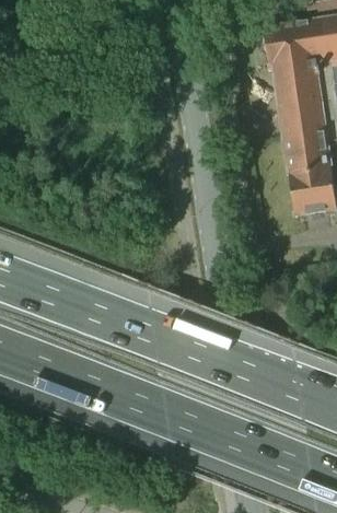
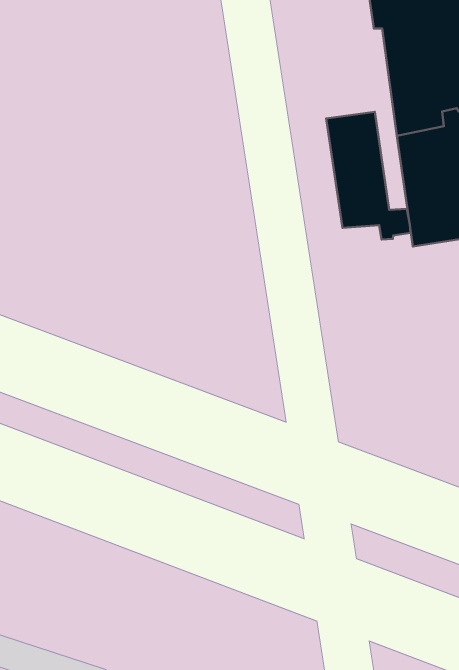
building: none -> [326,112,411,239]

